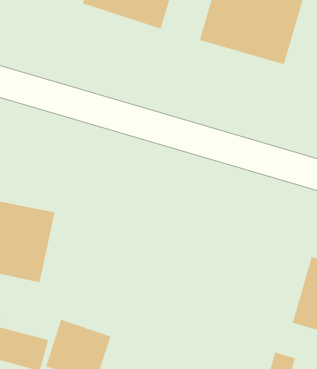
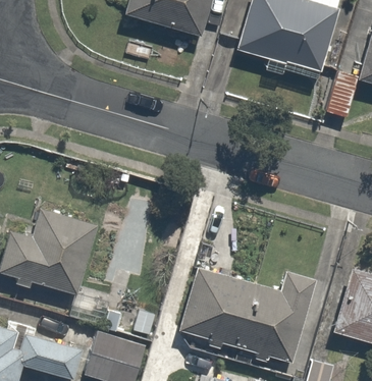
building: none -> [176,266,319,364]

